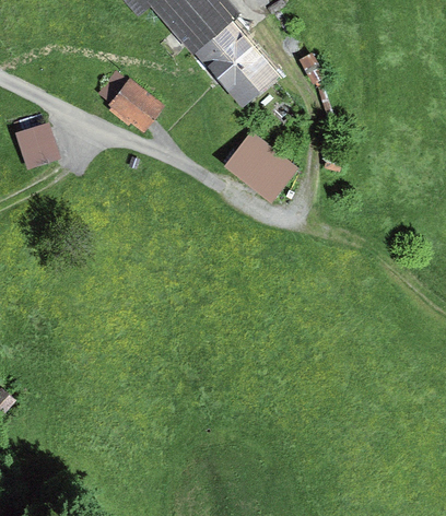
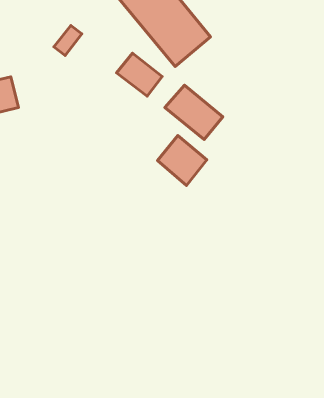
building: [110,83,164,133] -> [116,53,162,96]
building: none -> [157,136,207,185]

